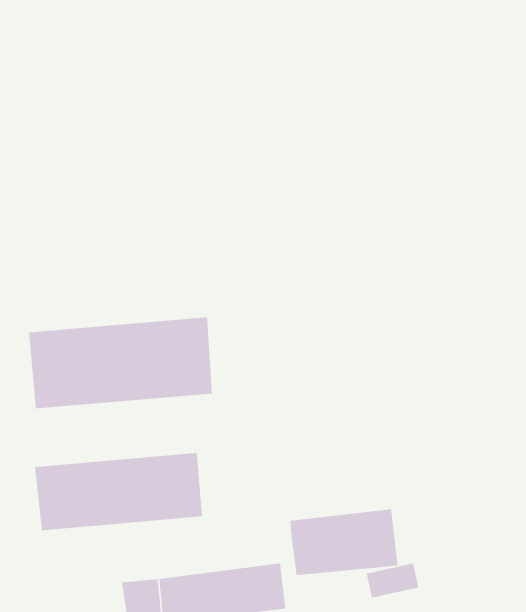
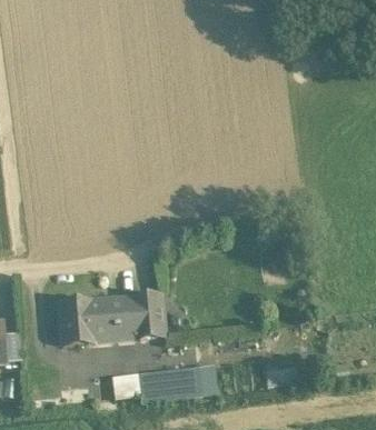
building: [29,316,213,409] -> none
building: [290,508,398,576] -> none

